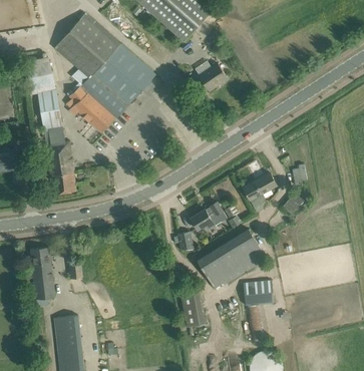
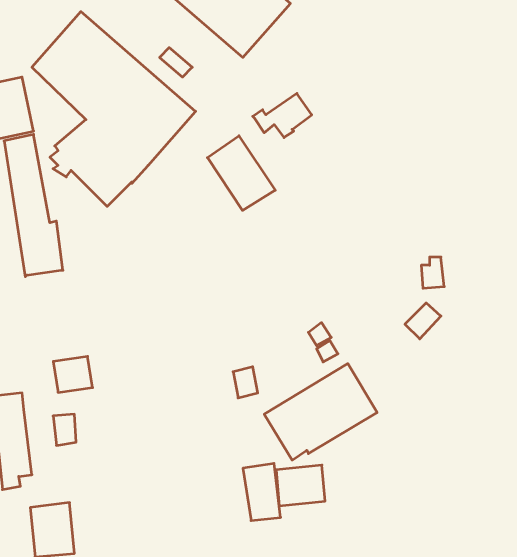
building: none -> [207,136,275,210]
building: [51,171,75,194] -> [53,356,93,392]
building: [243,172,276,200] -> none
building: [190,202,226,230] -> none
building: [243,280,273,305] -> [276,465,325,506]

